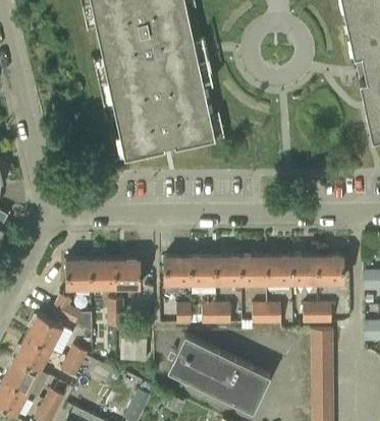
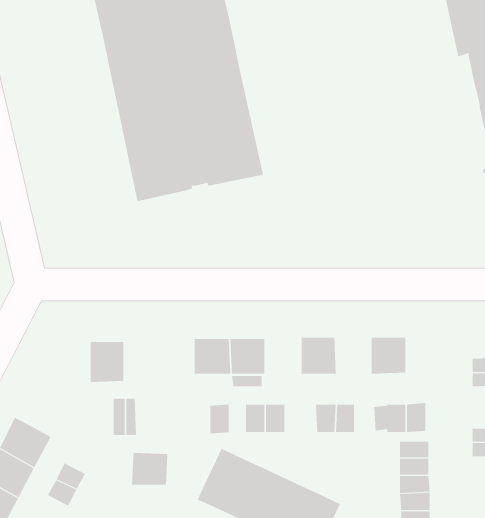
building: [216,256,241,283] -> none
building: [266,256,291,283] -> none
building: [317,256,342,282] -> none
building: [65,259,91,289] -> none
building: [115,259,141,288] -> none
building: [52,296,91,333] -> none

